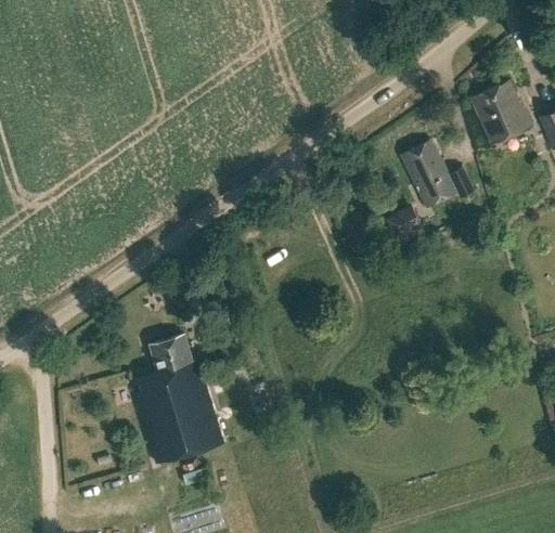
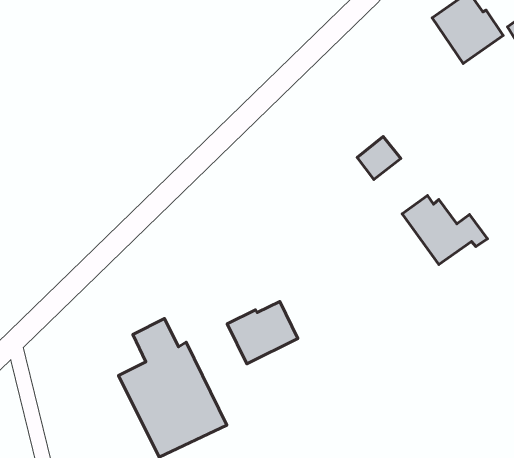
building: [401,141,476,206] -> [402,196,487,264]
building: none -> [227,301,298,364]

